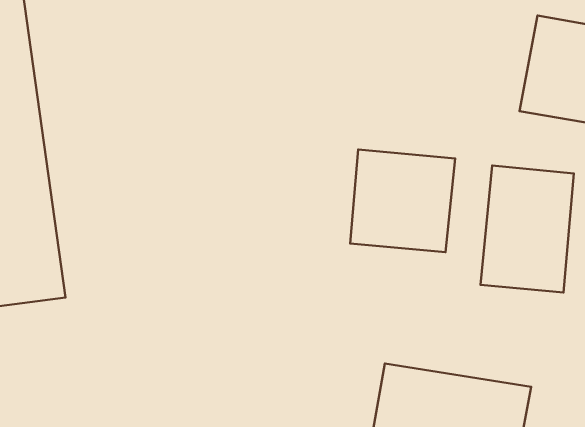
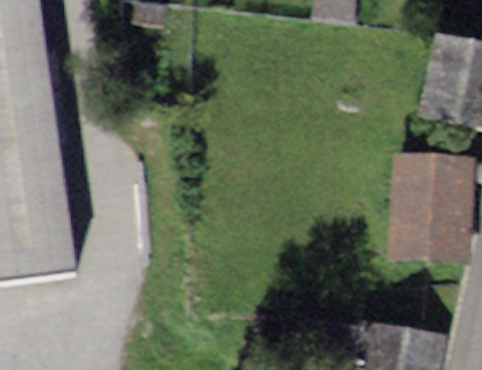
building: [350,150,455,252] -> none

